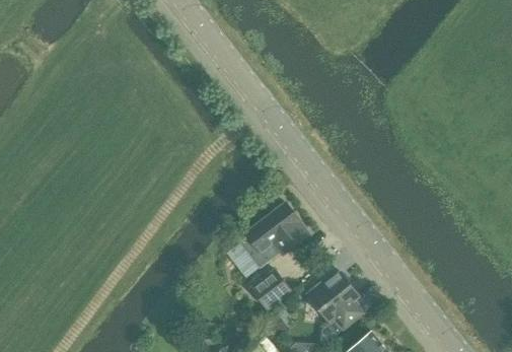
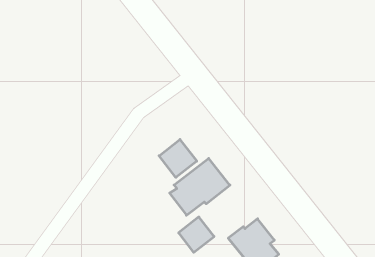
building: none -> [159,139,197,177]

